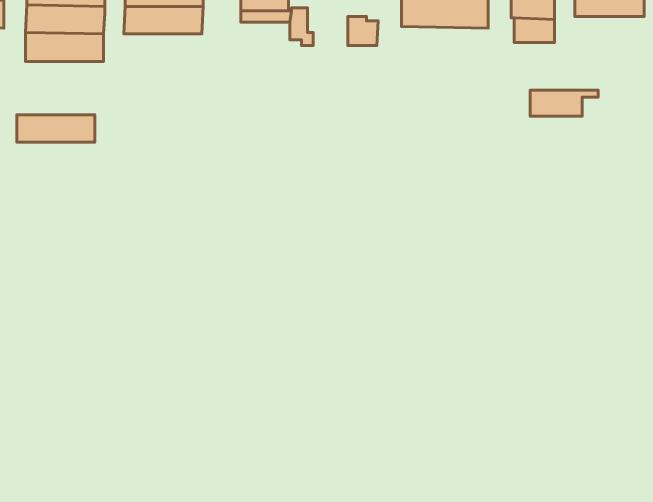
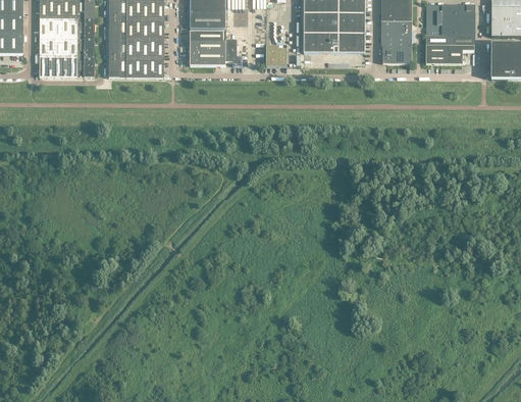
building: none -> [191,49,225,65]
building: [530,90,598,116] -> [426,45,474,63]
building: [17,115,95,142] -> [108,57,163,77]

